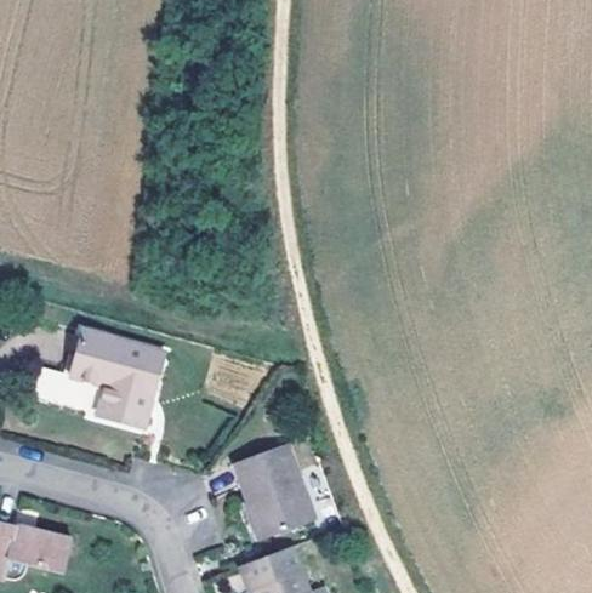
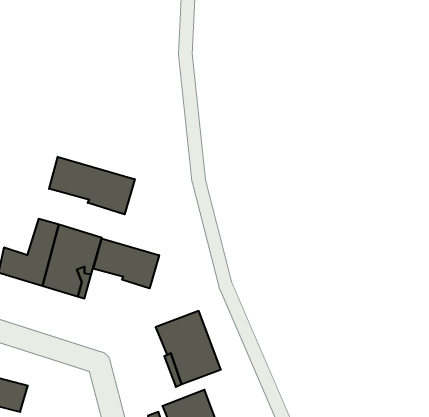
building: none -> [49,157,135,214]
building: none -> [93,238,159,288]

